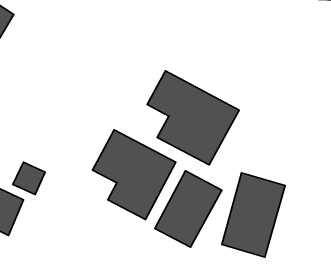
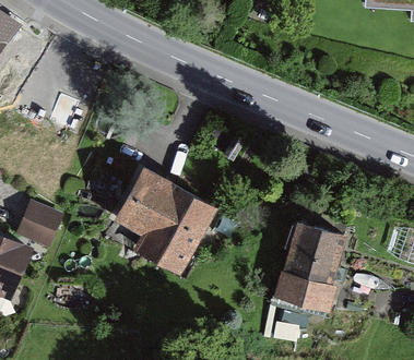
building: [147,71,239,165] -> none
building: [155,171,222,247] -> none

